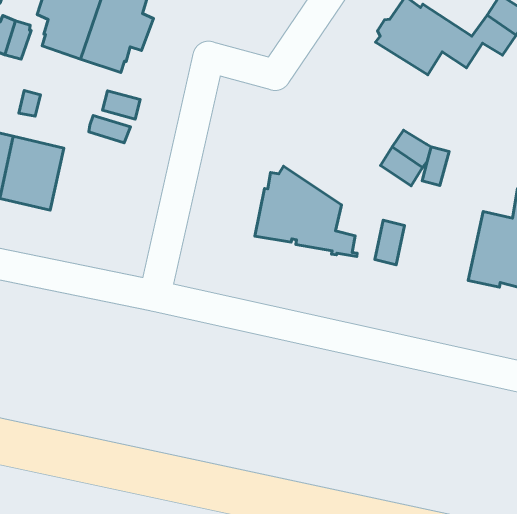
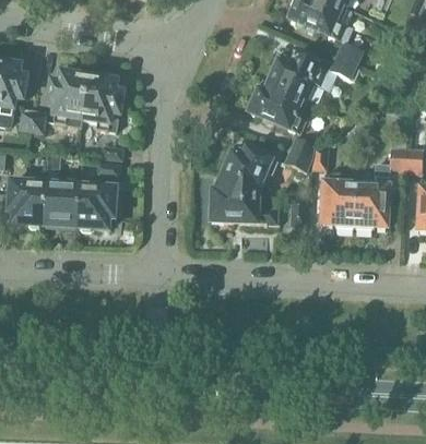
building: none -> [248,81,305,133]
building: none -> [222,144,277,192]
building: none -> [76,185,115,231]
building: none -> [321,175,355,227]

